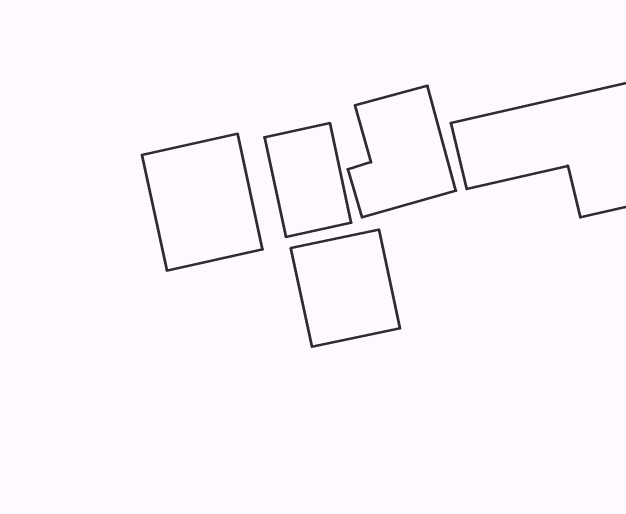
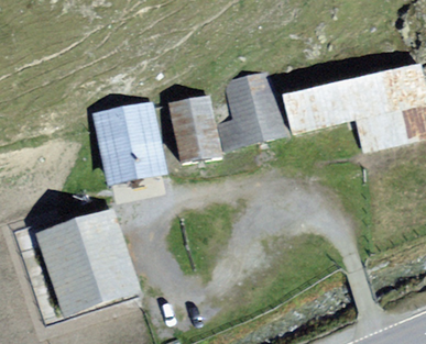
building: [291,230,400,347] -> none
building: none -> [36,208,141,315]

